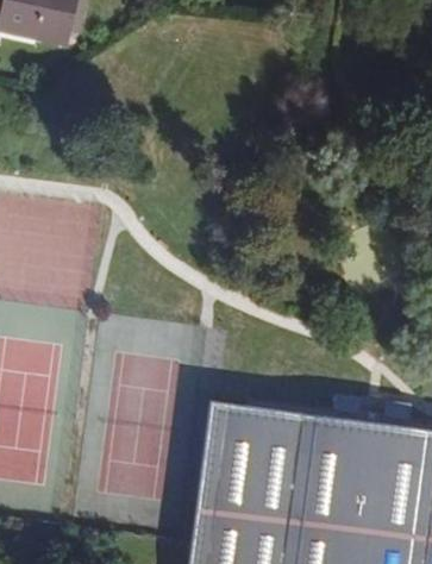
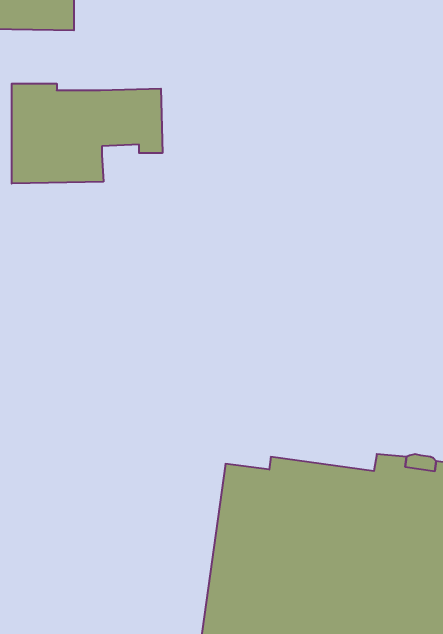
building: none -> [12,84,162,184]

